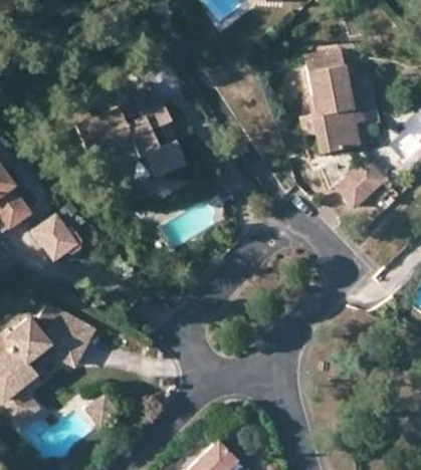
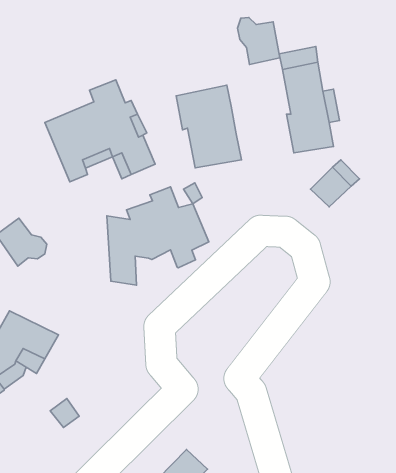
building: none -> [237,18,280,64]
building: none -> [176,85,241,168]
building: none -> [107,187,209,285]

